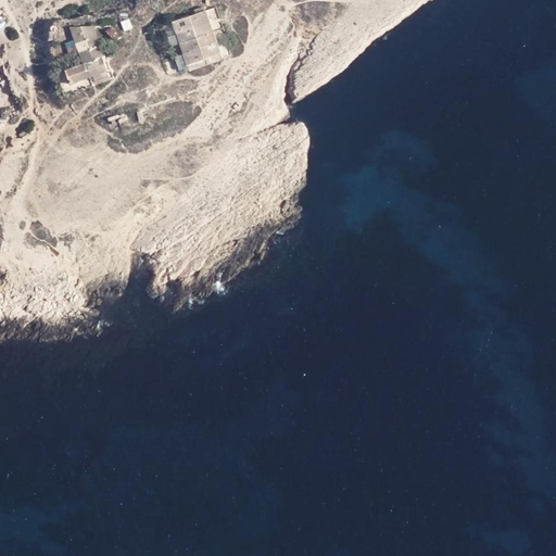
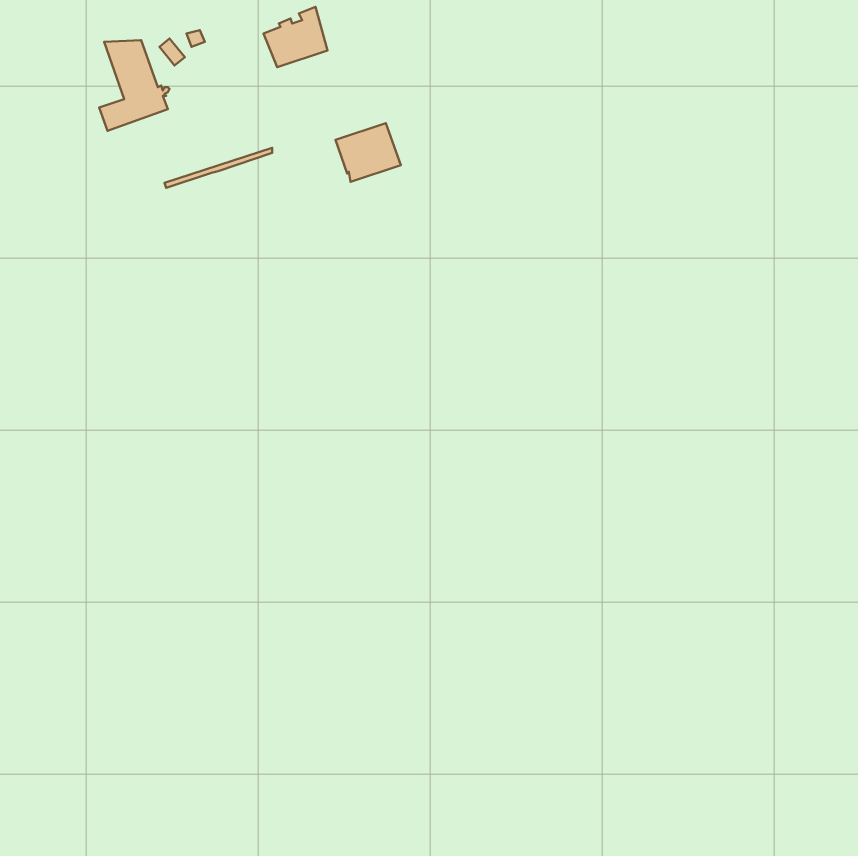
building: [179,33,222,71] -> [335,123,401,182]

